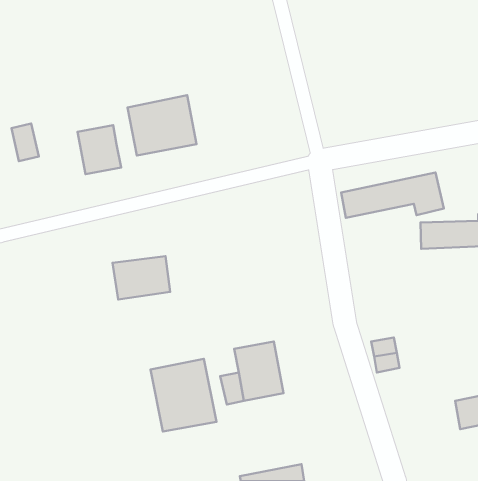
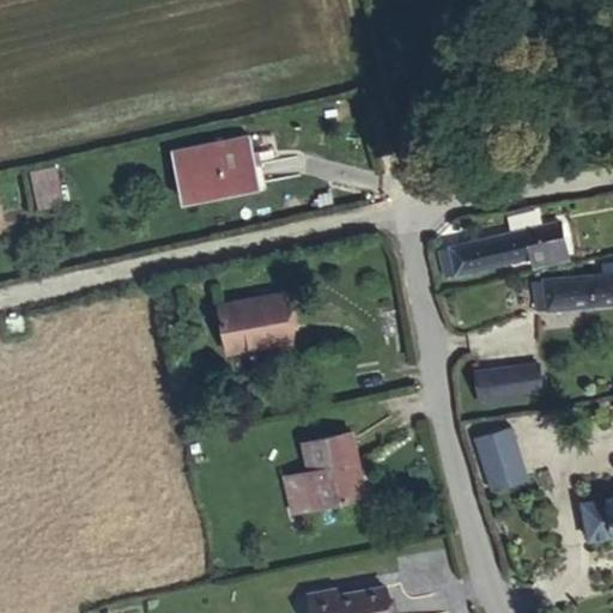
building: [77,125,121,174] -> none
building: [112,256,170,299] -> [225,299,298,354]
building: none -> [473,364,540,405]
building: [150,359,216,431] -> none

